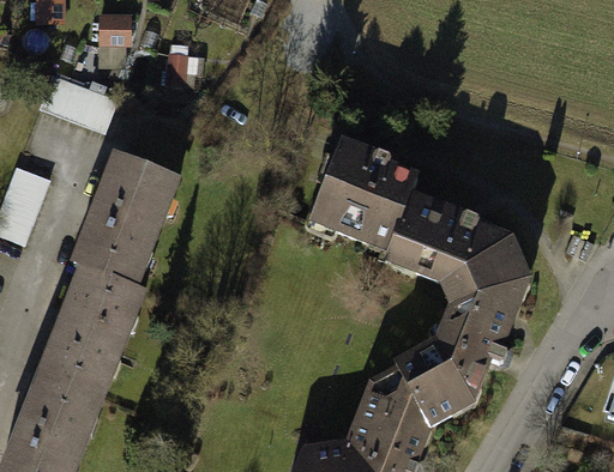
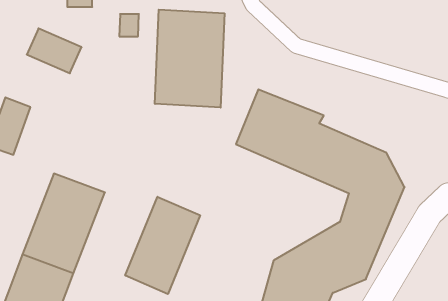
building: none -> [155,10,224,108]
building: [72,155,181,288] -> none
building: none -> [125,197,200,294]

